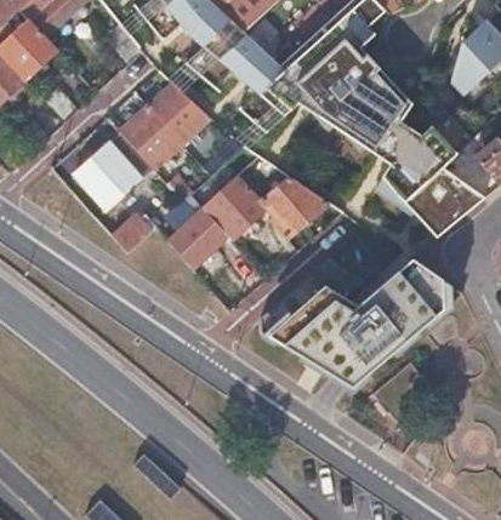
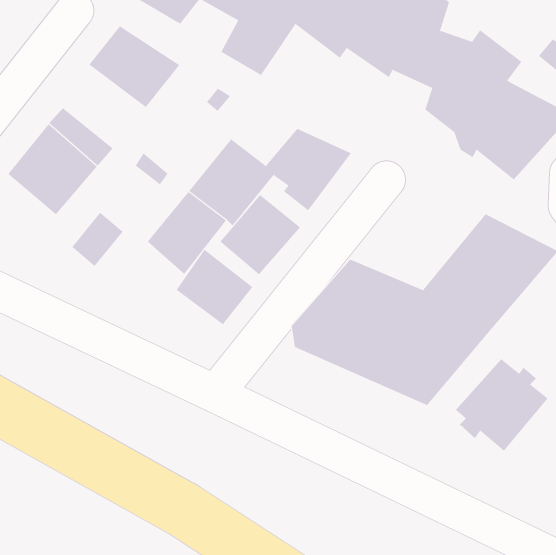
building: [120,105,183,168] -> none
building: none -> [220,194,301,275]
building: none -> [176,249,253,325]

